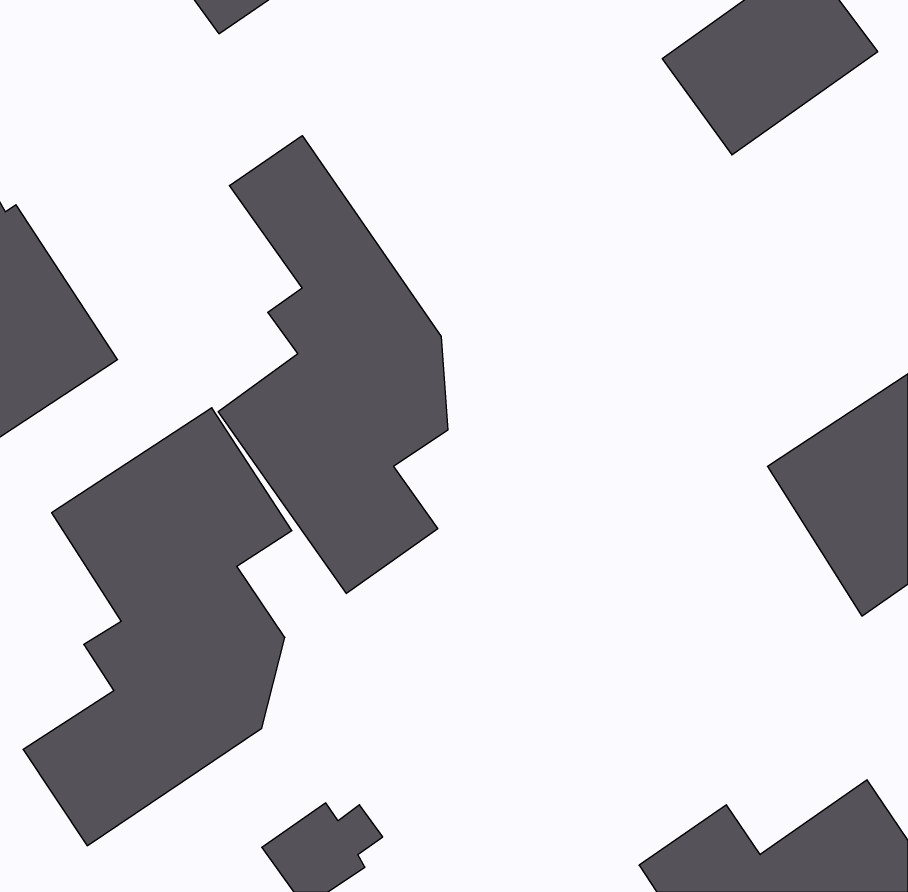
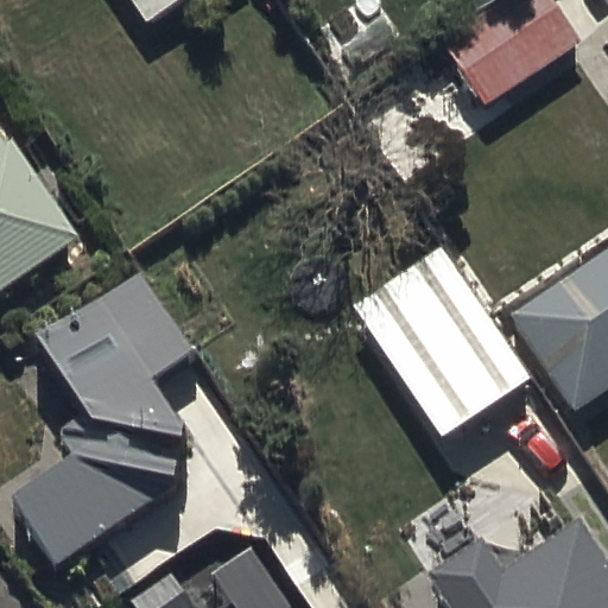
building: [218,136,448,594] -> none
building: none -> [354,248,531,437]

